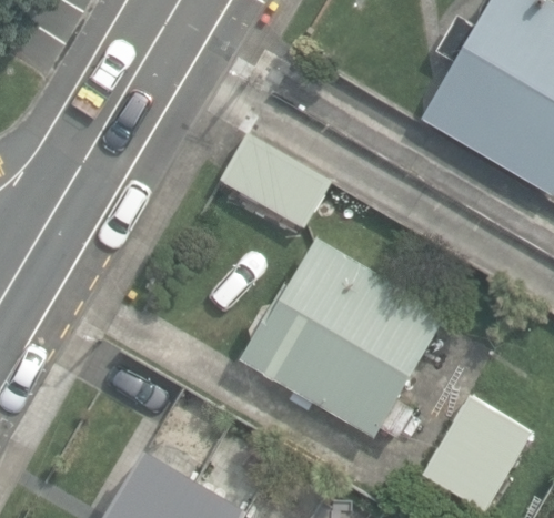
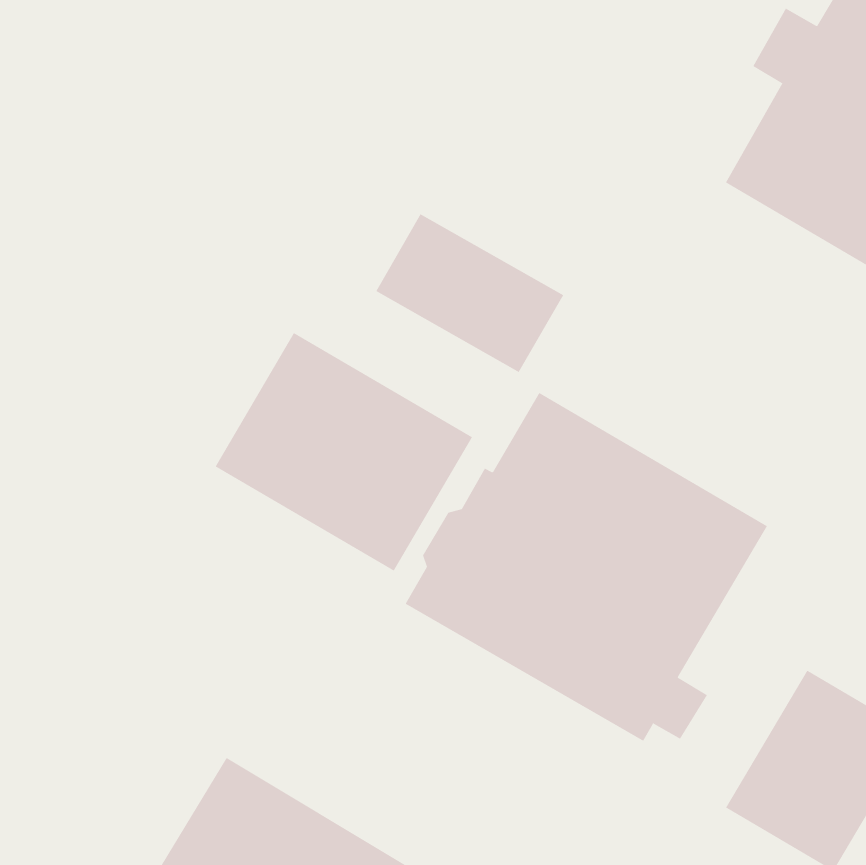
building: none -> [215,332,473,571]

